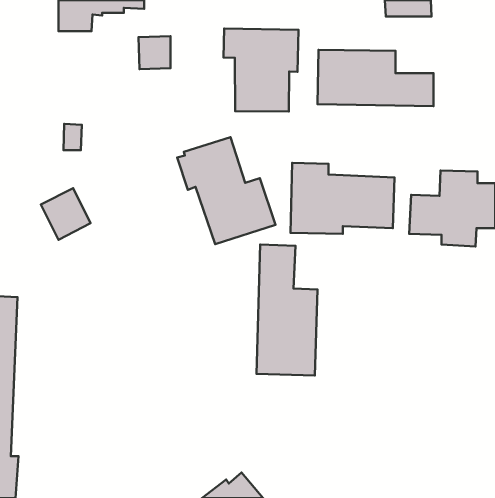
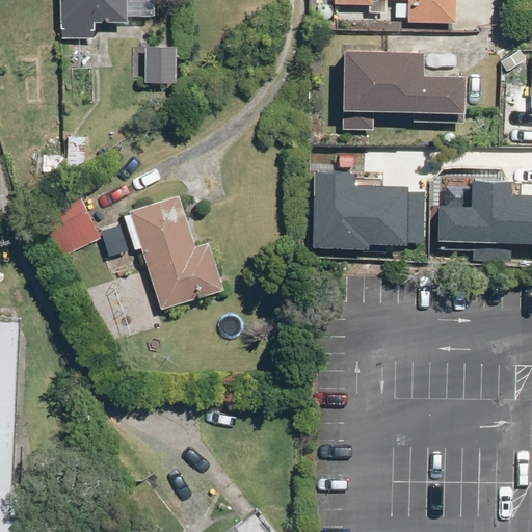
building: [224,29,299,112] -> none
building: [177,137,275,244] -> [122,194,227,309]
building: [256,244,318,375] -> none

